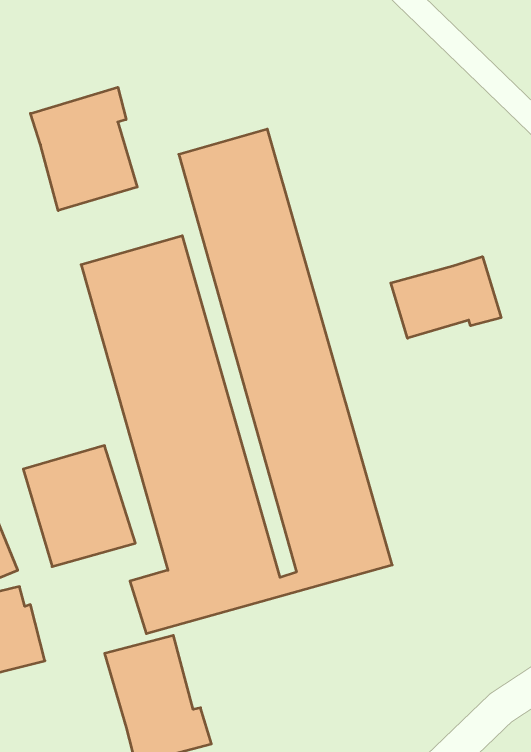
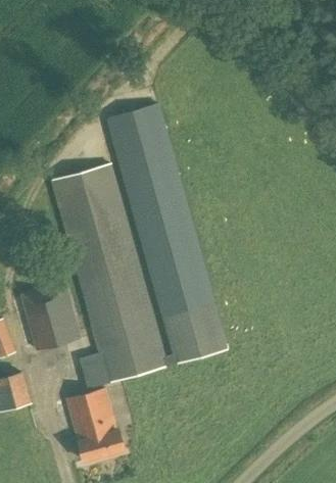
building: [30,87,137,211] -> none
building: [391,257,501,338] -> none

